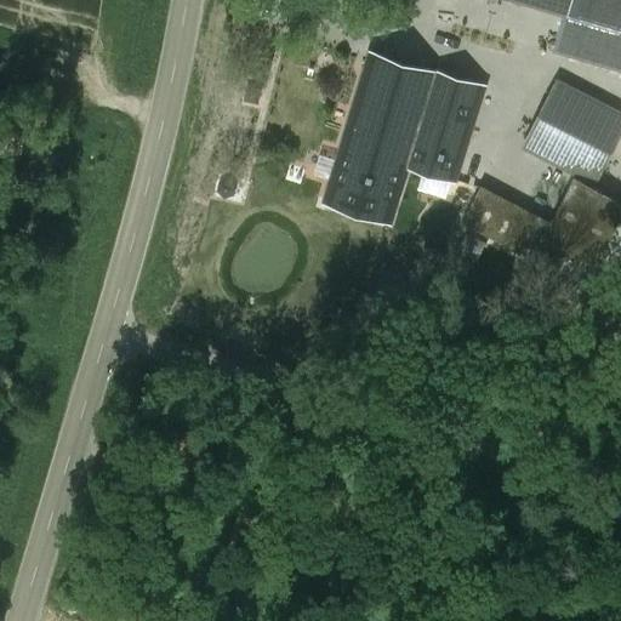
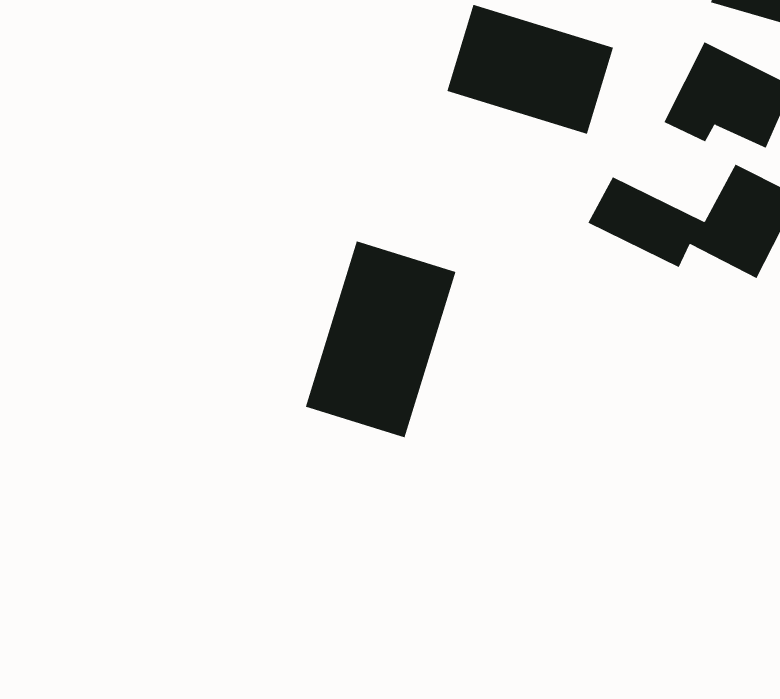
building: [326,123,462,224] -> none
building: none -> [305,241,456,438]

